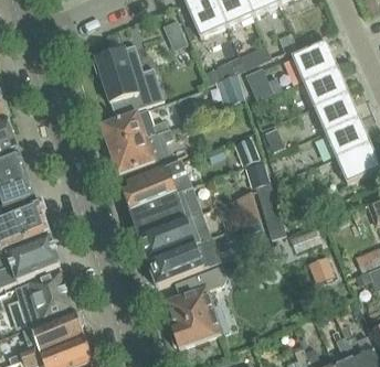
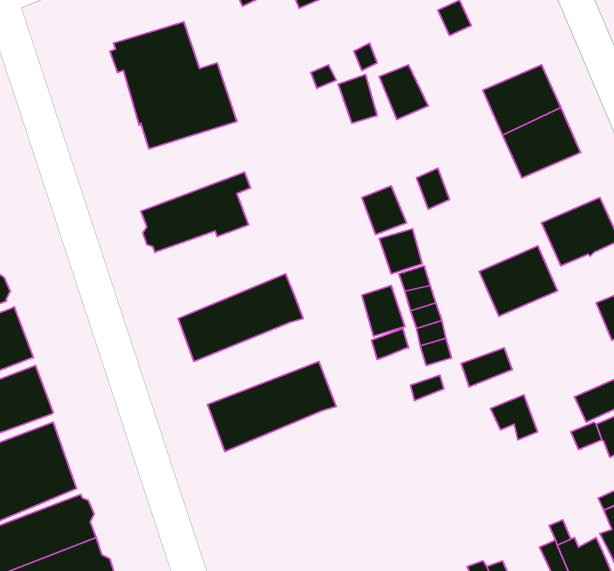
building: [292,42,336,83] -> none
building: [99,109,168,151] -> none
building: [325,118,369,158] -> [479,246,557,316]
building: [124,161,191,212] -> none
building: [139,212,210,260] -> none
building: [167,267,225,348] -> none

